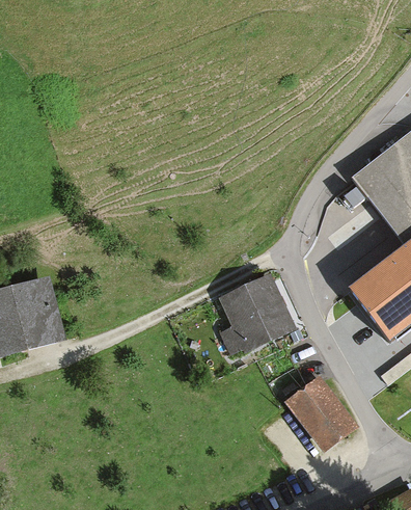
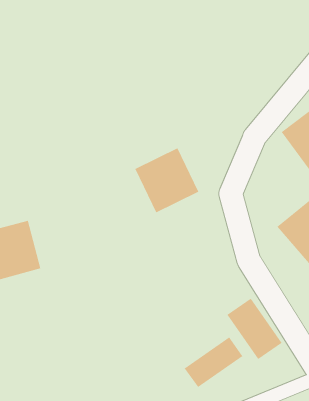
building: [216,274,295,354] -> [134,148,199,213]
building: none -> [184,336,243,388]

